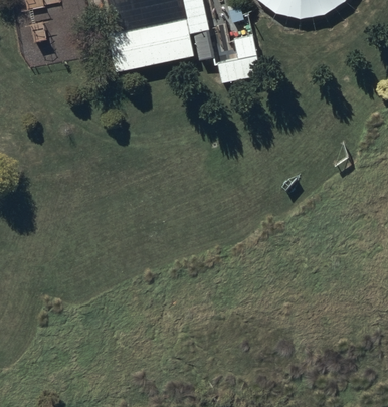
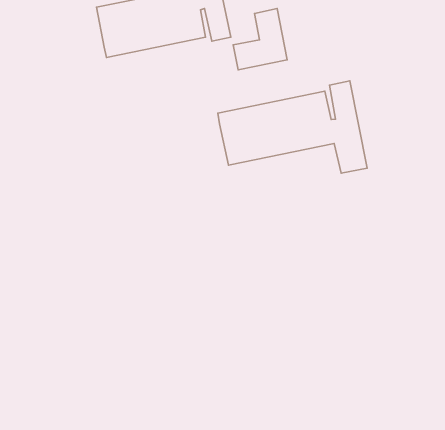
building: none -> [218,81,367,173]

